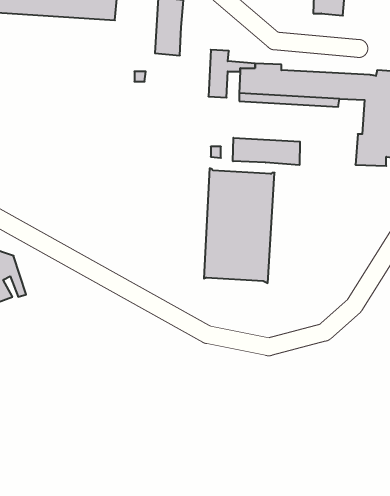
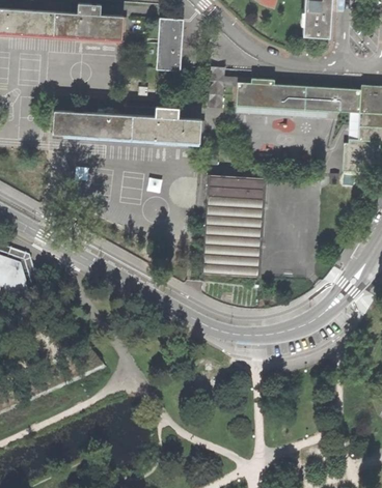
building: none -> [54,106,201,144]
building: [233,138,300,165] -> none

